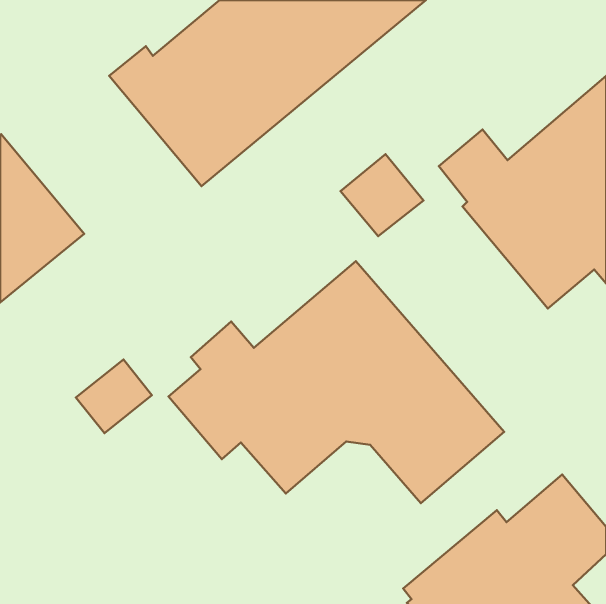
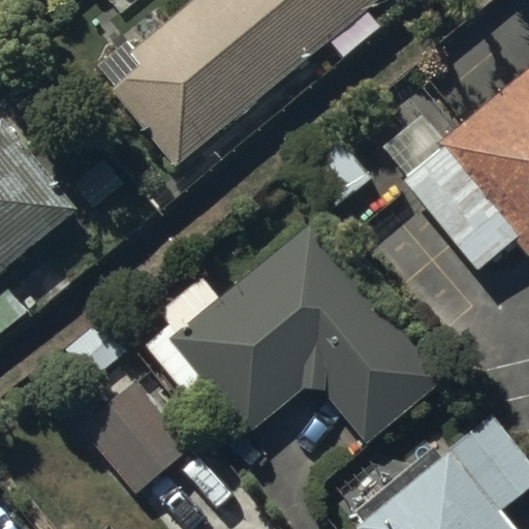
building: none -> [79,382,189,494]

